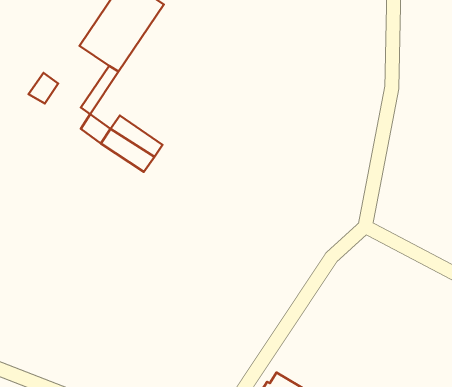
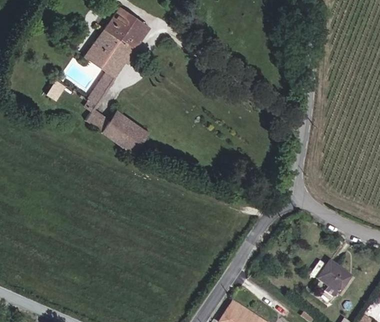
building: none -> [319,259,357,296]

